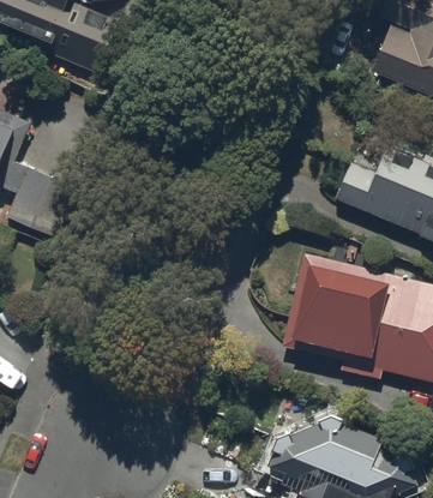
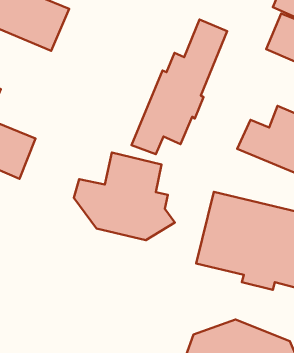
building: none -> [132,20,227,154]
building: none -> [74,153,175,240]

